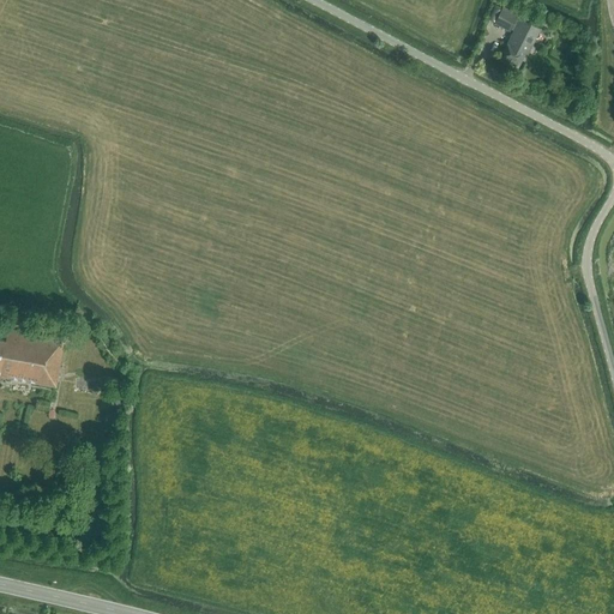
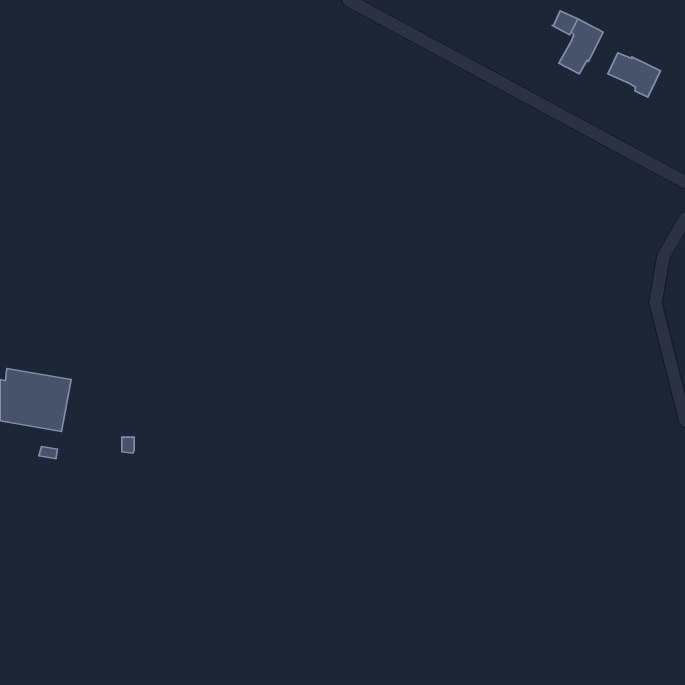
building: none -> [608,53,660,97]

